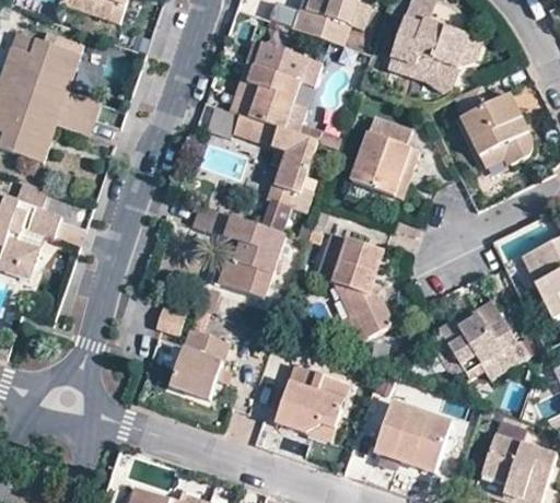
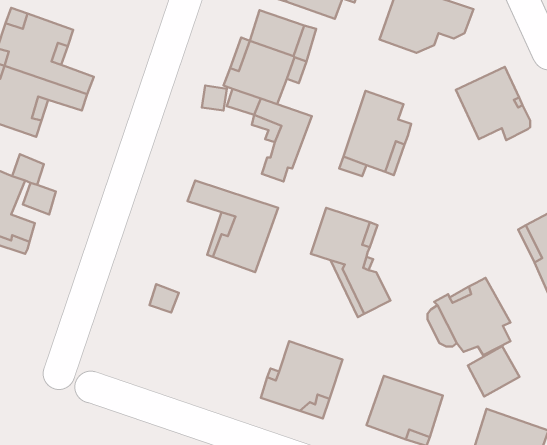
building: [172,334,229,403] -> none
building: none -> [468,346,520,396]

